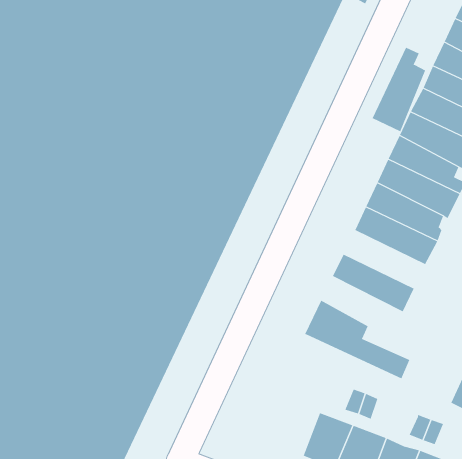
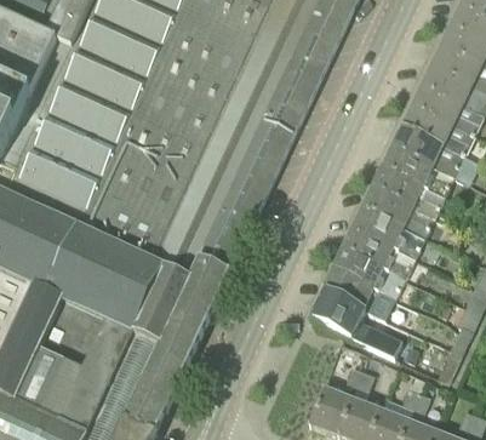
building: [372,47,426,132] -> none
building: none -> [344,225,416,276]
building: none -> [325,265,396,318]

